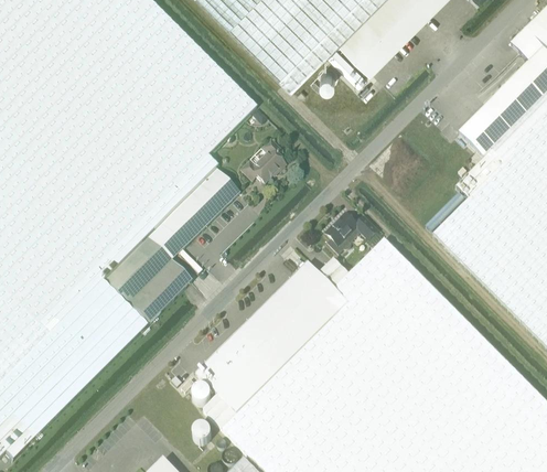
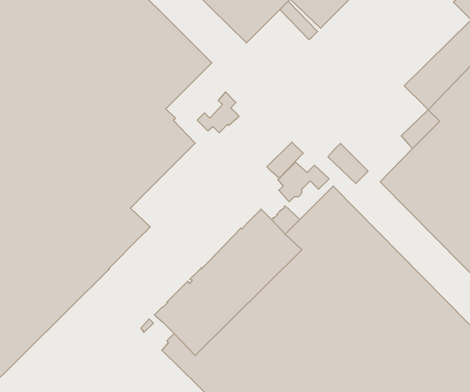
building: none -> [267,142,303,178]
building: none -> [328,143,368,183]

